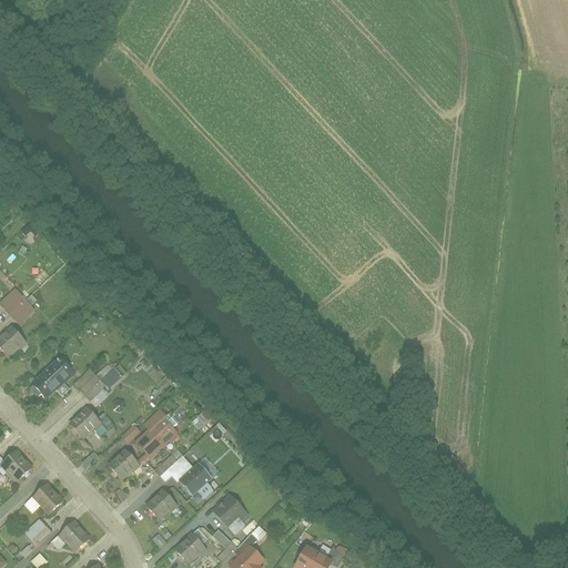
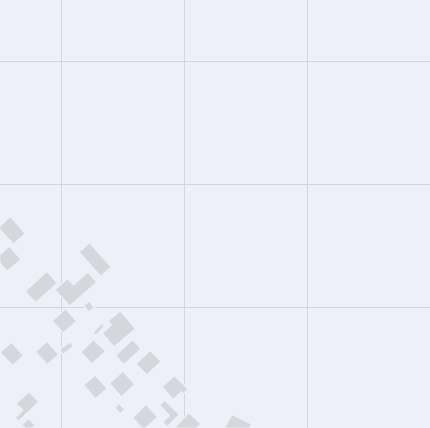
building: none -> [79,243,111,277]
building: [32,483,63,514] -> [35,341,59,365]
building: [59,521,90,552] -> [83,375,107,399]

